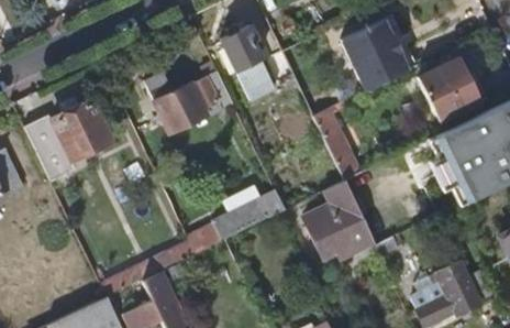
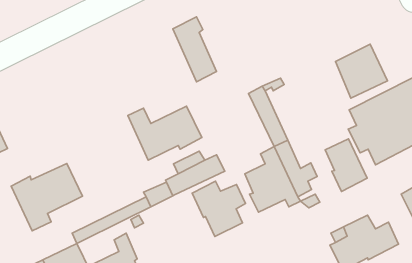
building: [342,12,419,89] -> none
building: [145,68,234,133] -> [128,106,202,160]
building: [25,100,111,182] -> [11,163,82,231]
building: none -> [325,139,367,191]
building: none -> [192,181,245,236]

